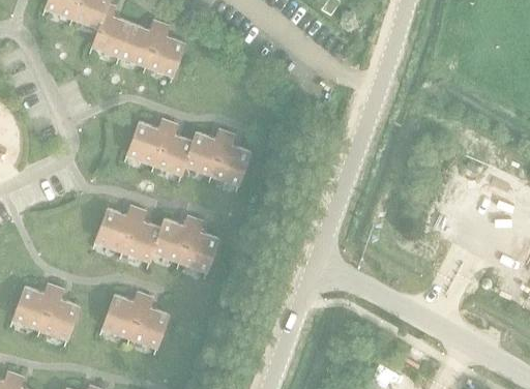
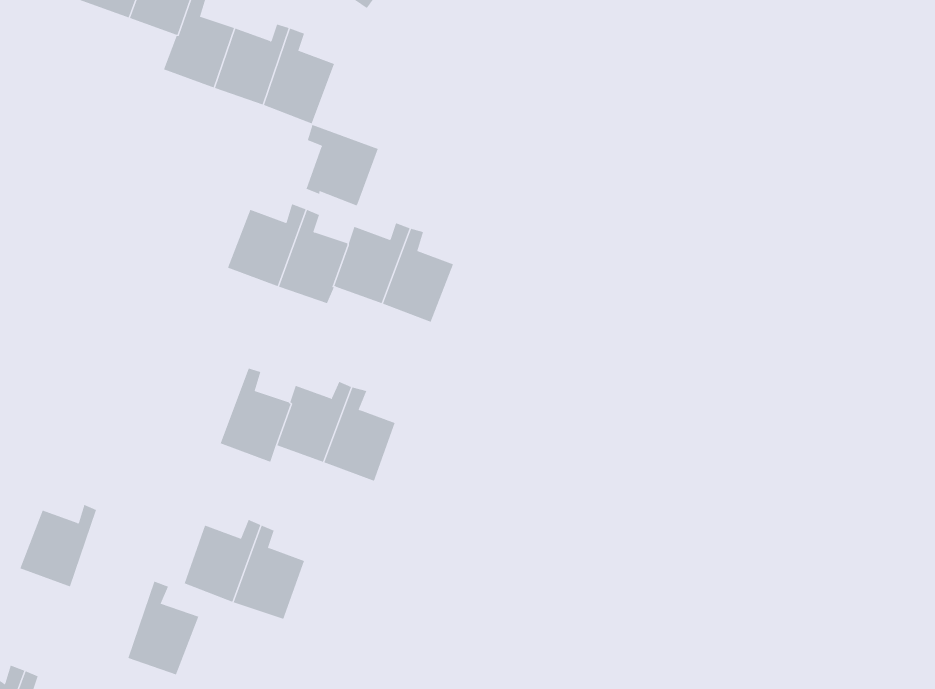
building: none -> [306,124,379,206]
building: [94,207,137,251] -> none
building: [39,288,79,339] -> [127,581,199,675]

